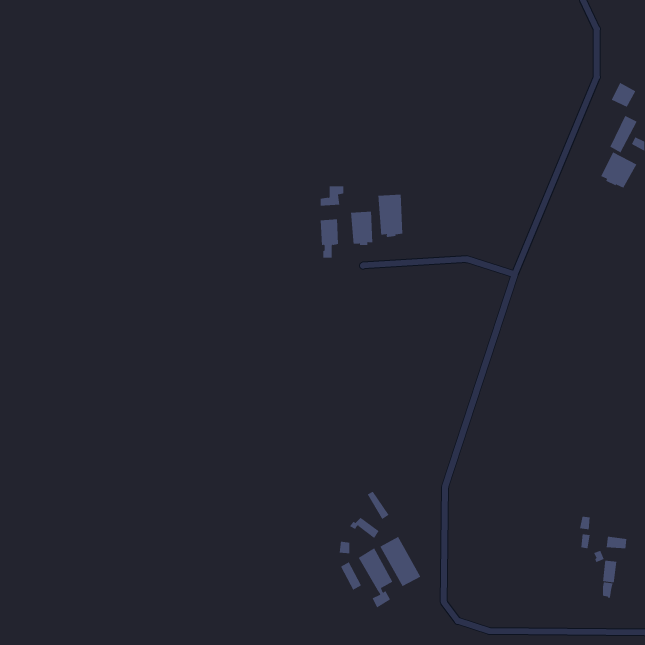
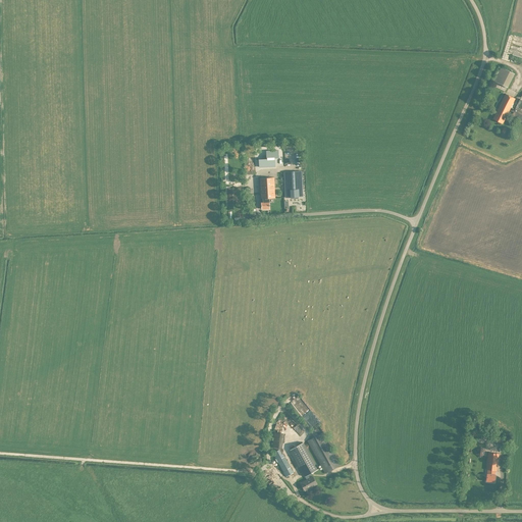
building: [601,152,637,189] -> none
building: [378,194,403,238] -> none

